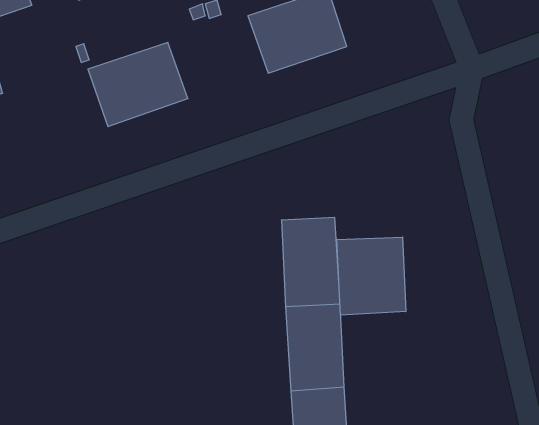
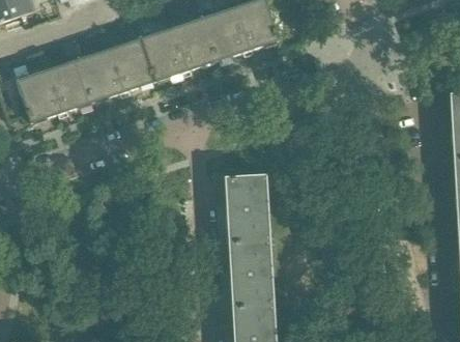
building: none -> [139,17,215,81]
building: none -> [15,58,91,122]
building: [337,237,406,315] -> none

